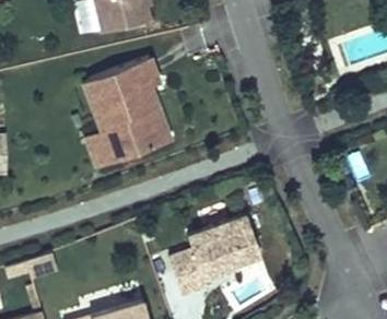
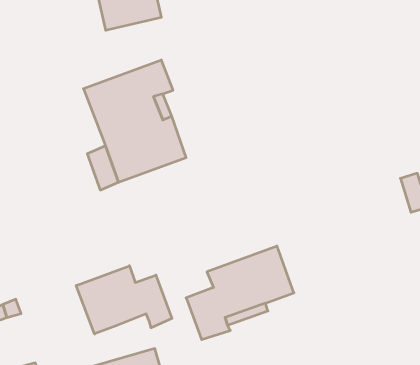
building: none -> [76,266,172,334]

